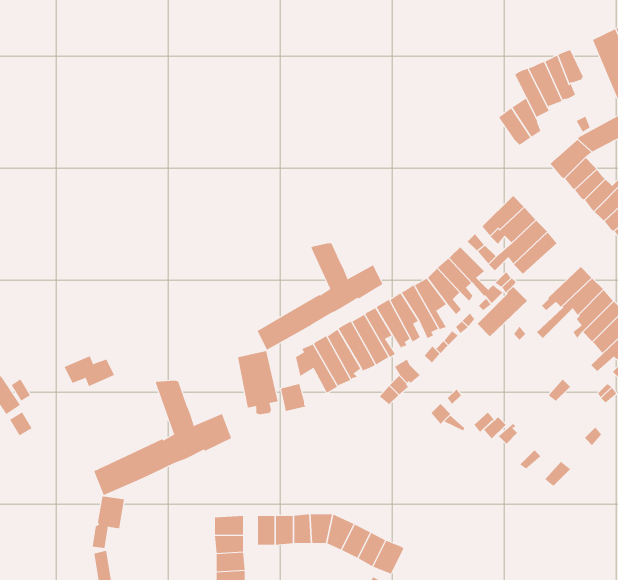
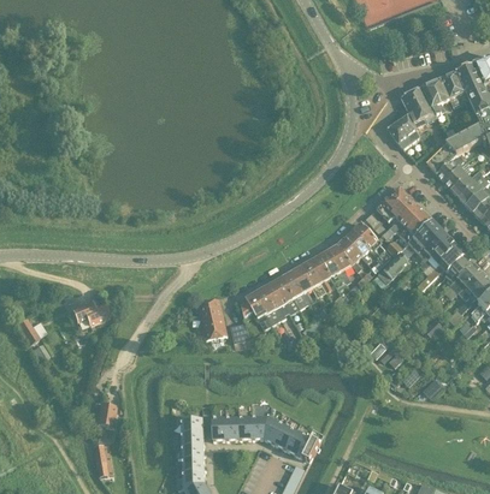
building: none -> [441,71,468,106]
building: [257,243,383,350] -> none
building: none -> [406,219,448,258]
building: [94,380,232,496] -> none

